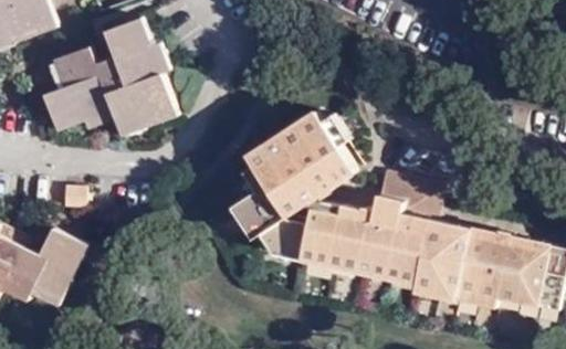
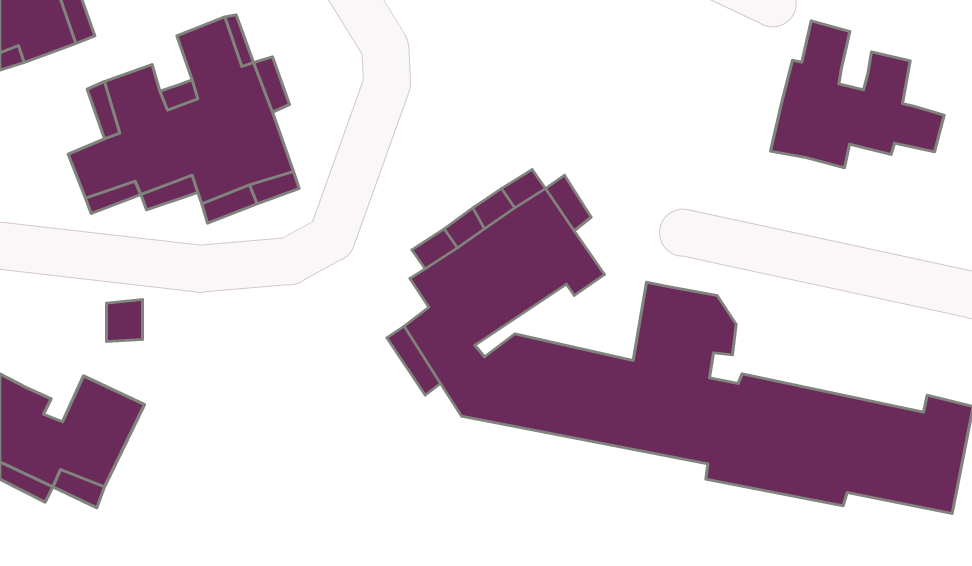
building: none -> [771,21,944,168]

